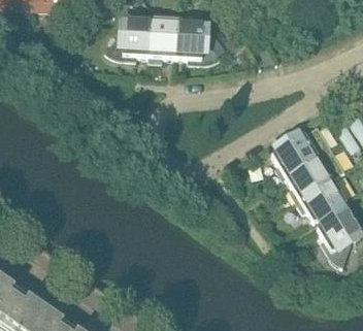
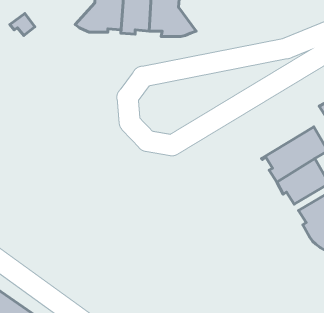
building: [271,125,331,177] -> none

